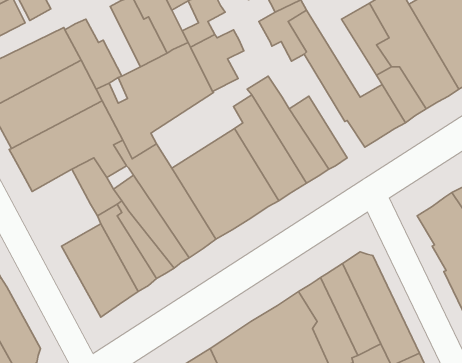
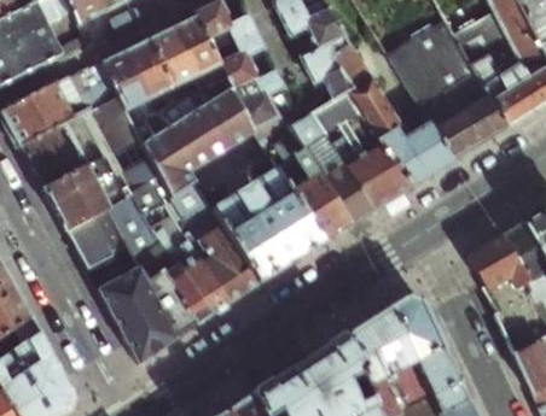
building: none -> [122,40,179,112]
building: none -> [312,89,412,197]
building: none -> [66,209,127,266]

